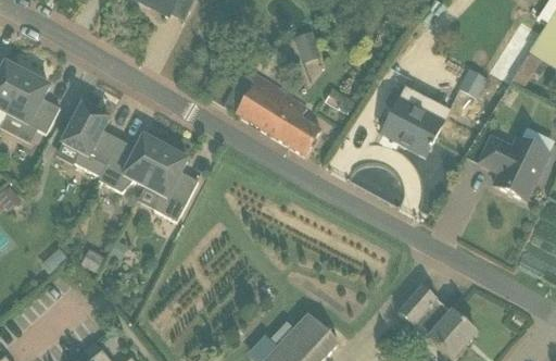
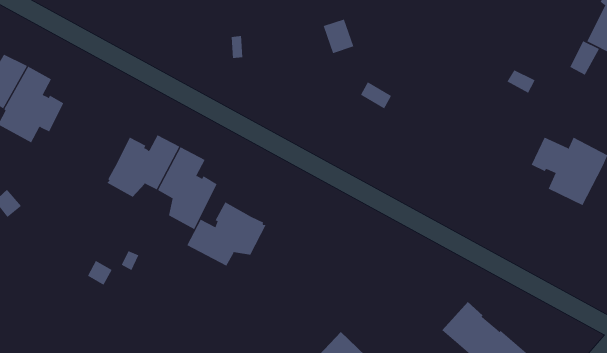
building: [224,70,320,154] -> none
building: [382,86,450,154] -> none
building: [62,102,118,175] -> none
building: none -> [187,201,266,266]

